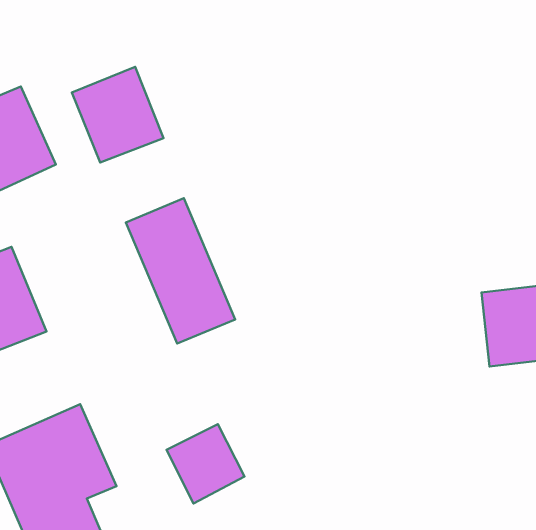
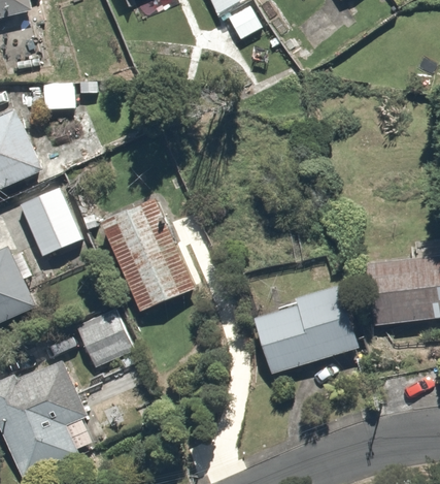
building: [72,67,163,162] -> [20,185,90,258]
building: none -> [251,286,363,373]
building: [167,424,245,504] -> [72,303,132,364]

